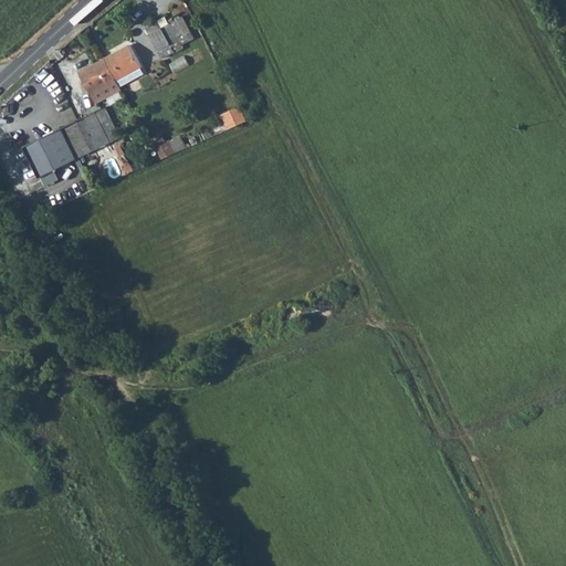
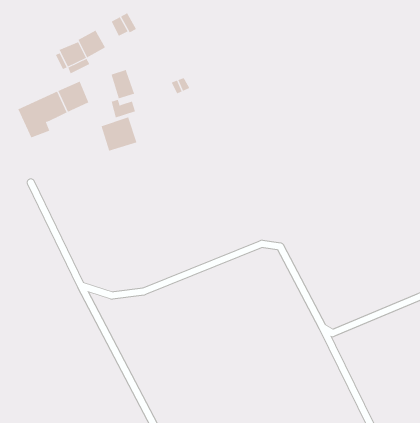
building: none -> [111,69,135,99]
building: none -> [101,116,137,151]

